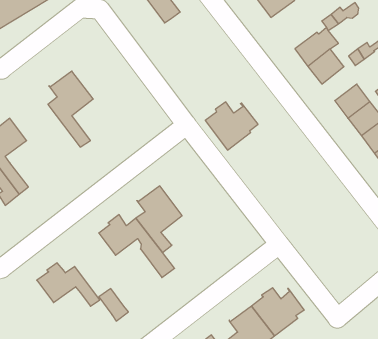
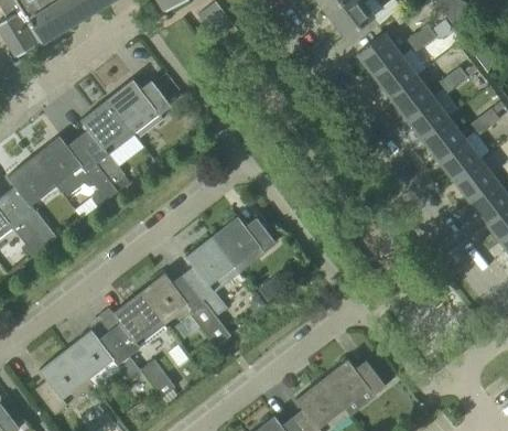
building: none -> [357,32,400,74]
building: none -> [108,78,171,133]
building: none -> [406,95,447,136]
building: none -> [34,134,118,207]
building: [205,102,258,150] -> [213,215,275,272]
building: none -> [111,293,166,355]
building: none -> [35,349,93,412]

